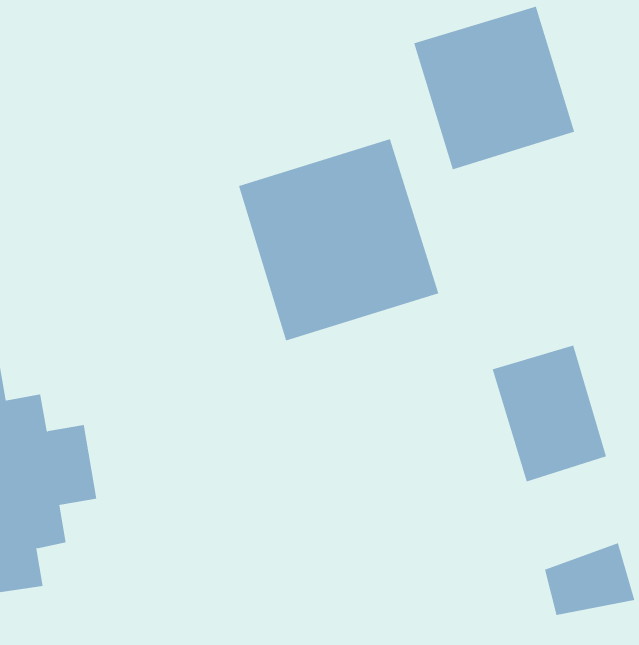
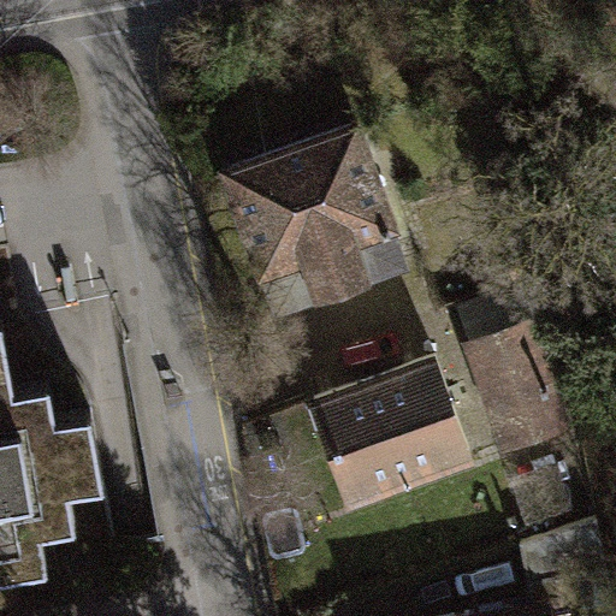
building: [413,6,575,170] -> none
building: none -> [309,356,479,511]

